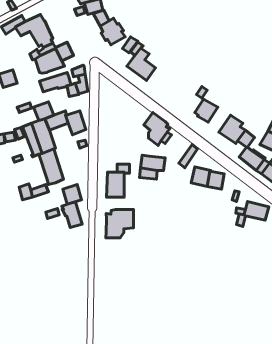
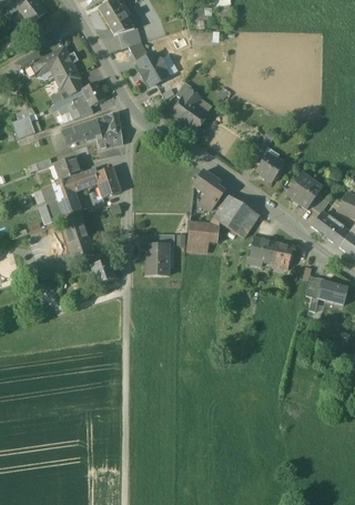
building: none -> [219,198,252,232]
building: [62,202,82,228] -> none
building: [106,210,133,238] -> none

